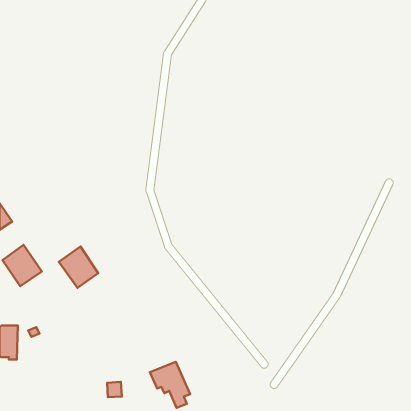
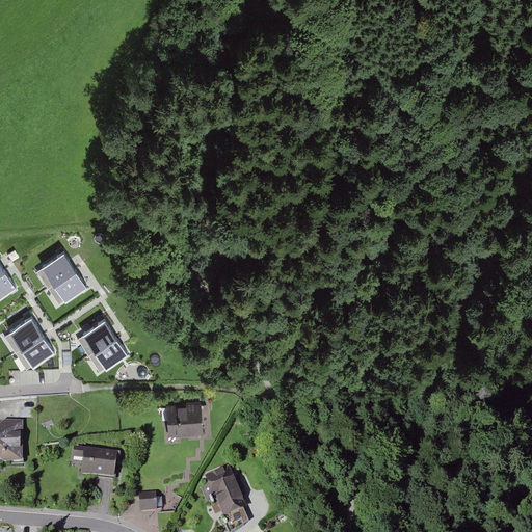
building: none -> [36,251,87,304]
building: none -> [166,405,203,434]
building: none -> [72,448,117,483]

